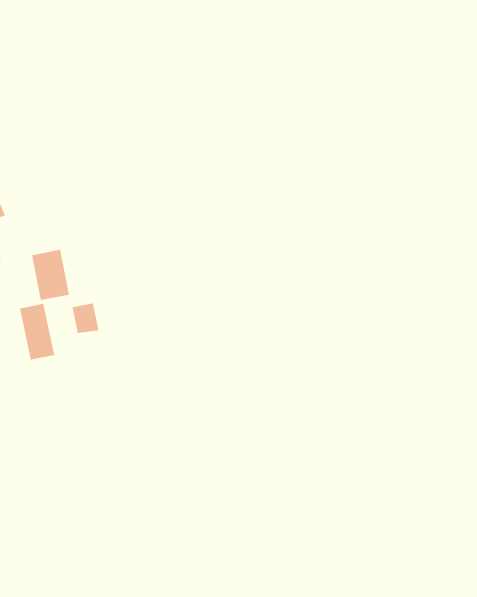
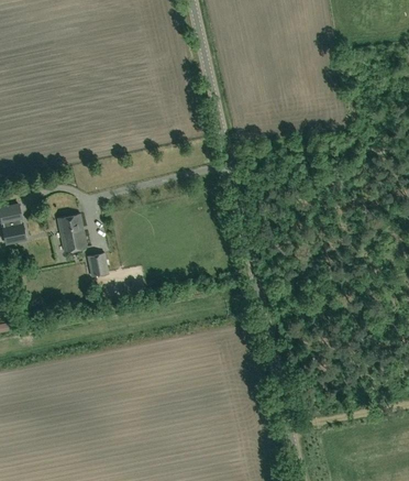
building: [19,303,55,361] -> none

